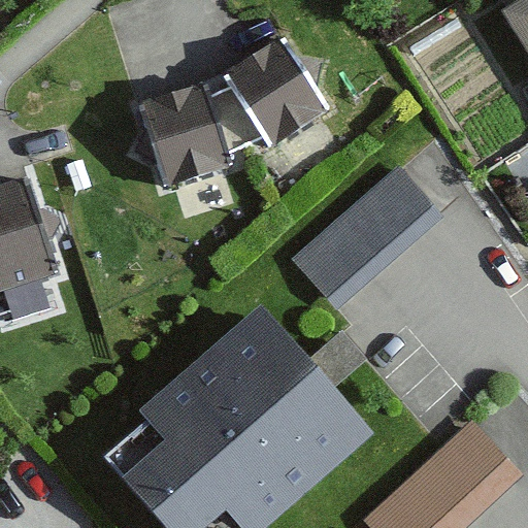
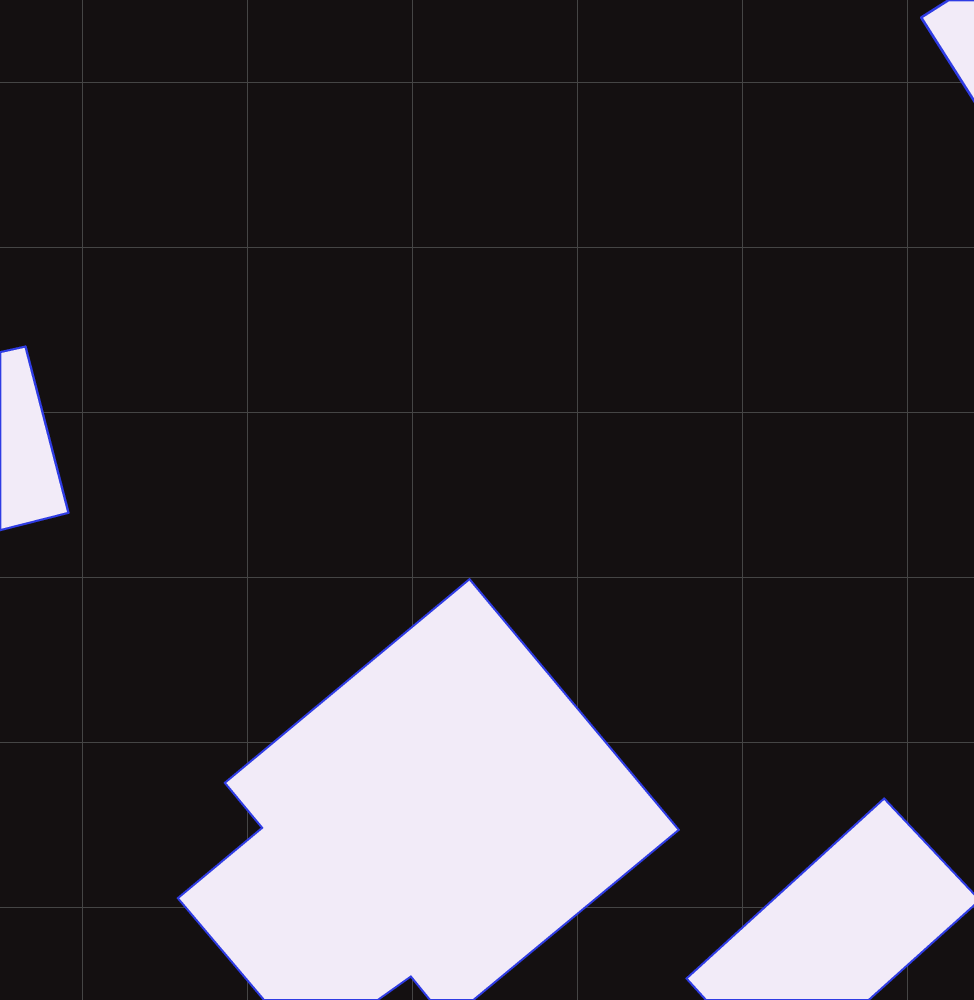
building: [135,38,319,176] -> none
building: [292,158,457,318] -> none

